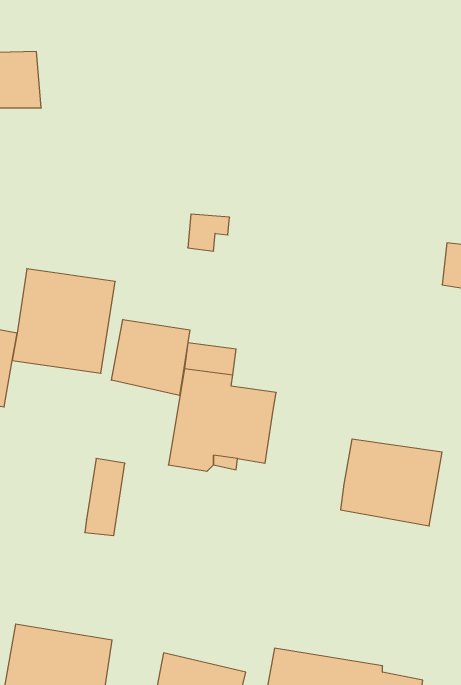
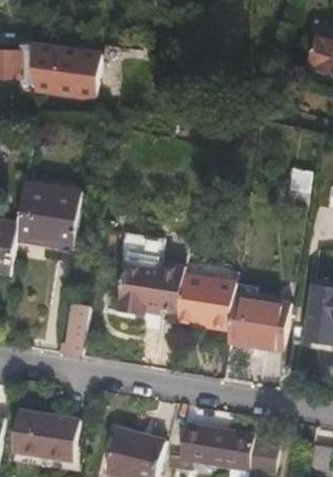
building: none -> [30,38,102,92]
building: [111,319,190,395] -> none
building: none -> [175,274,234,325]

